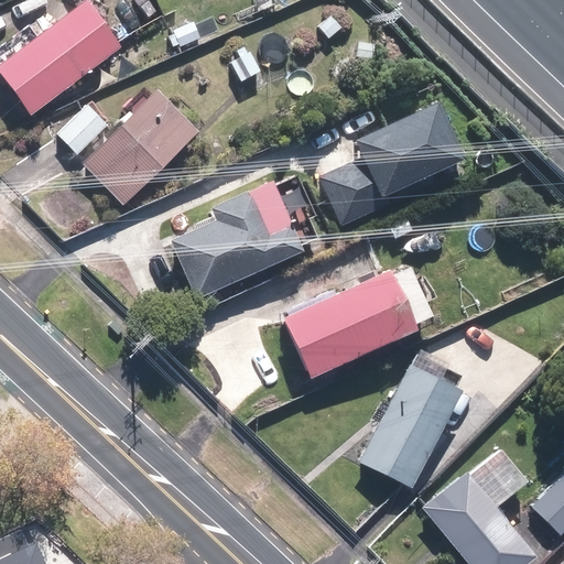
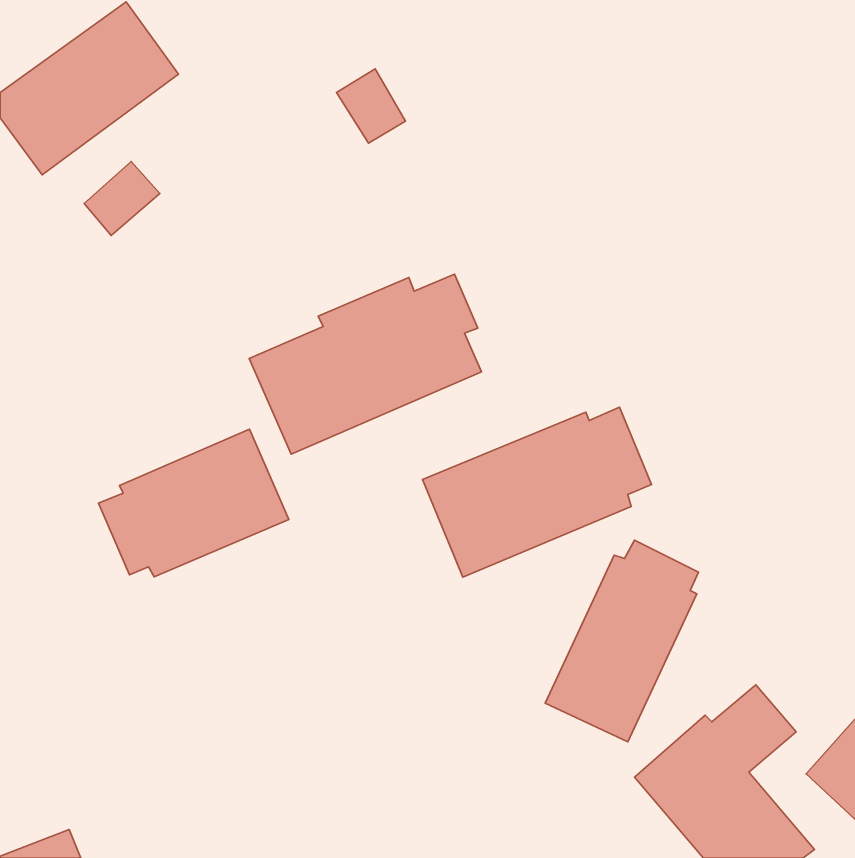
building: [84,84,207,204] -> none
building: [316,105,468,228] -> none
building: none -> [98,429,289,577]

